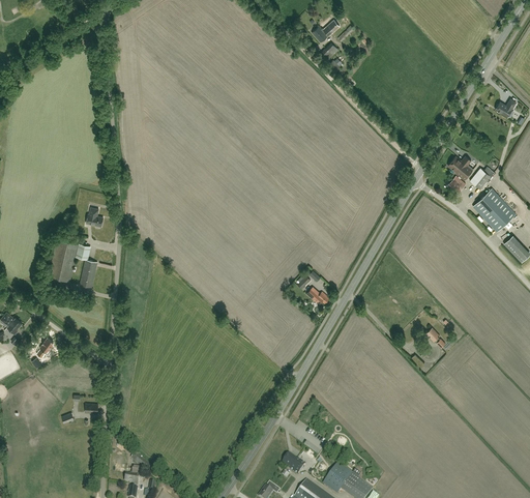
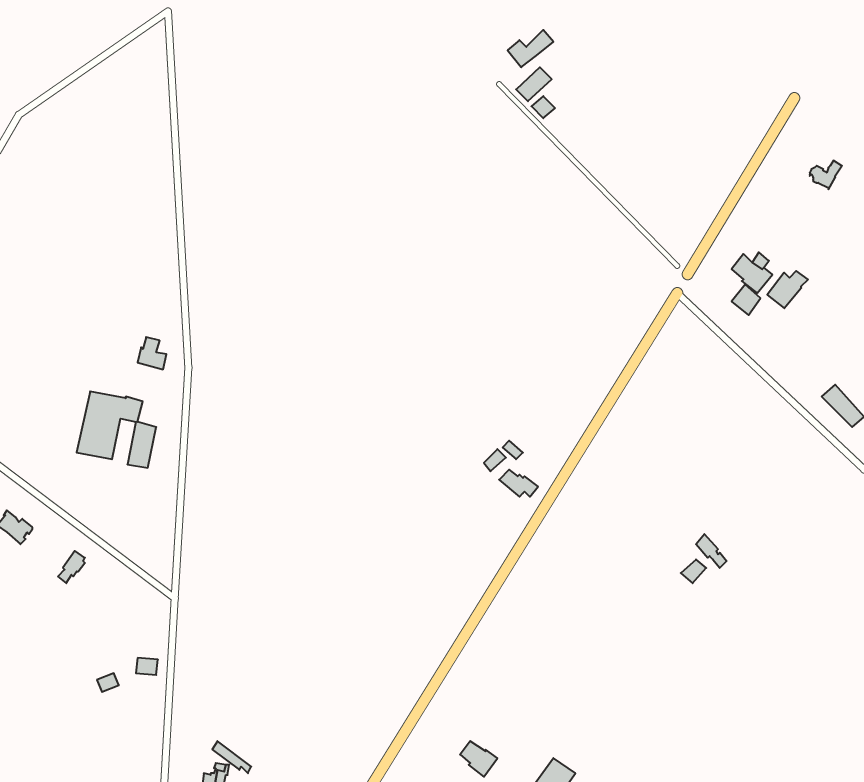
building: [473,188,516,232] -> none

